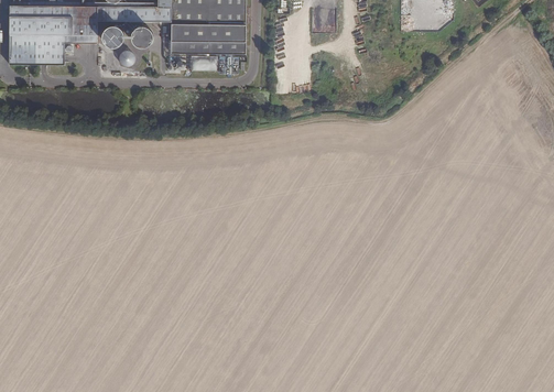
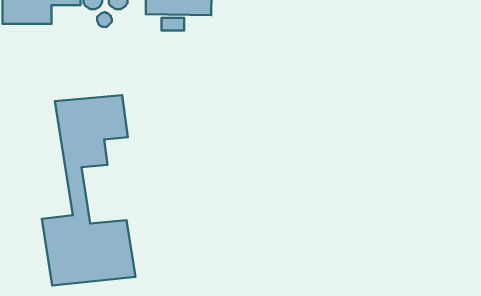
building: none -> [42,95,135,285]

